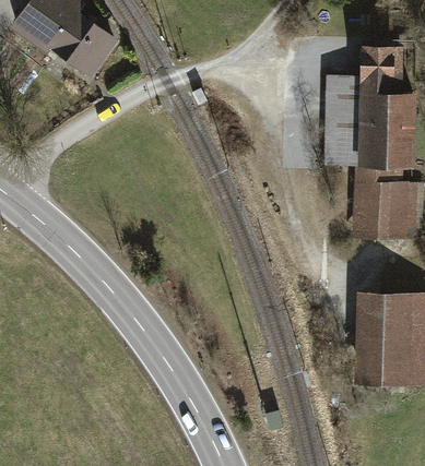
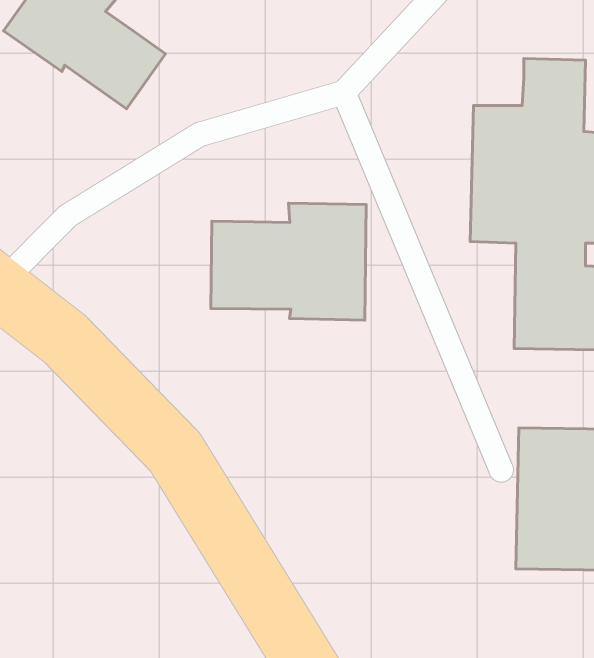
building: none -> [211,203,366,320]

